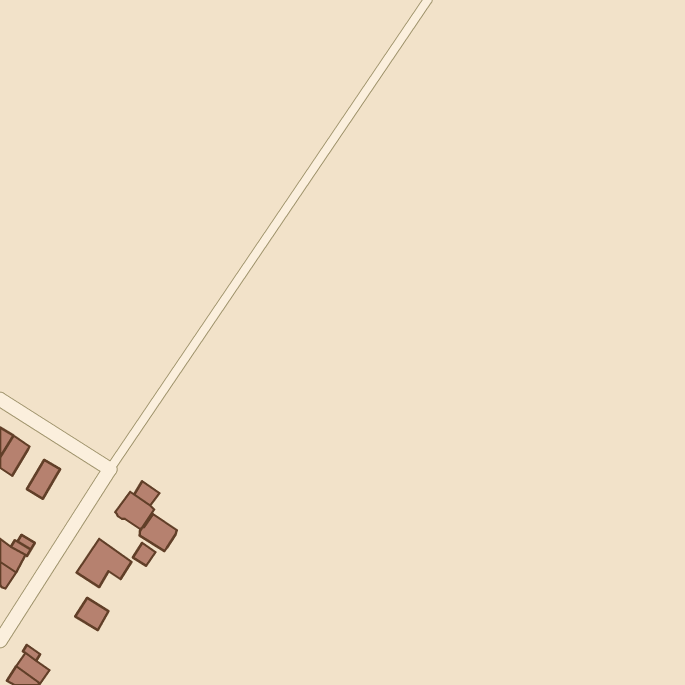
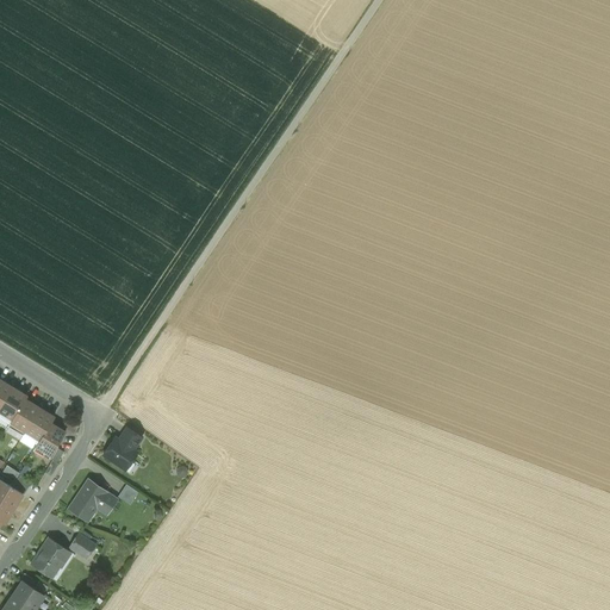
building: none -> [8,399,39,435]
building: none -> [35,423,66,458]
building: [139,514,177,551] -> none
building: none -> [32,539,68,578]

